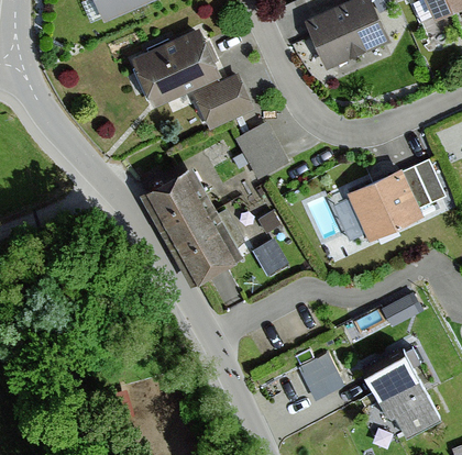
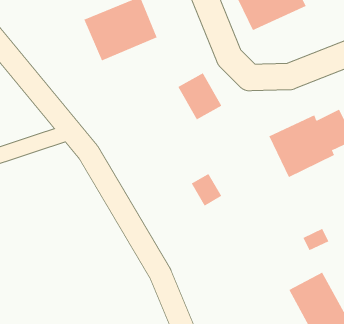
building: [194,80,248,129] -> none
building: [147,166,243,282] -> none
building: [300,344,345,389] -> none

